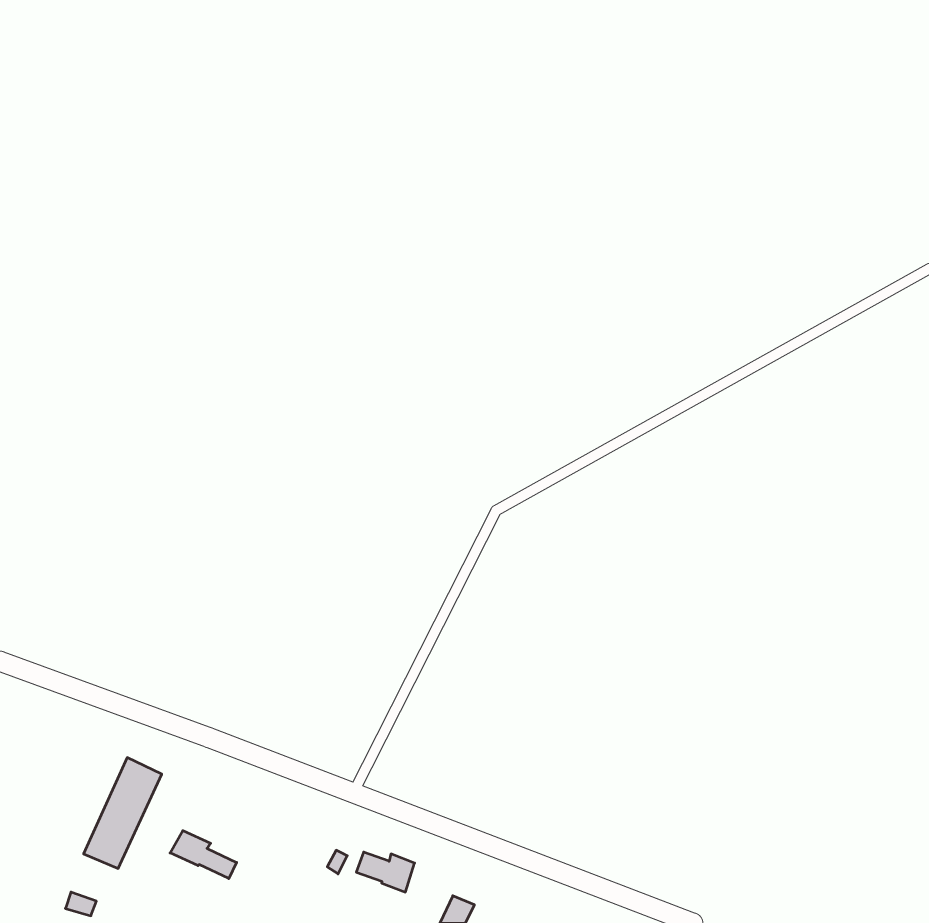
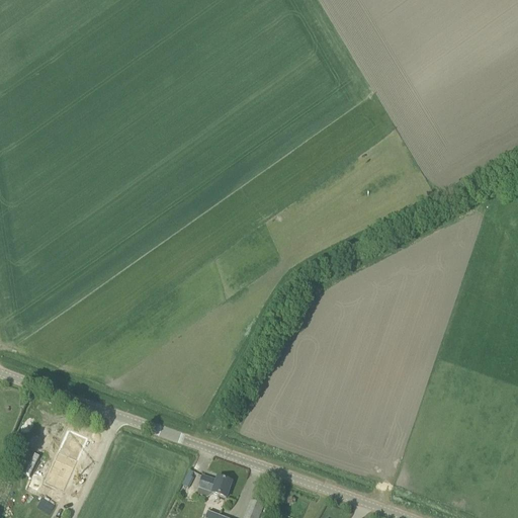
building: [170,831,237,879] -> none

